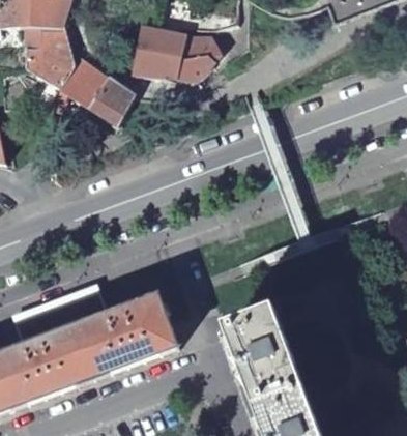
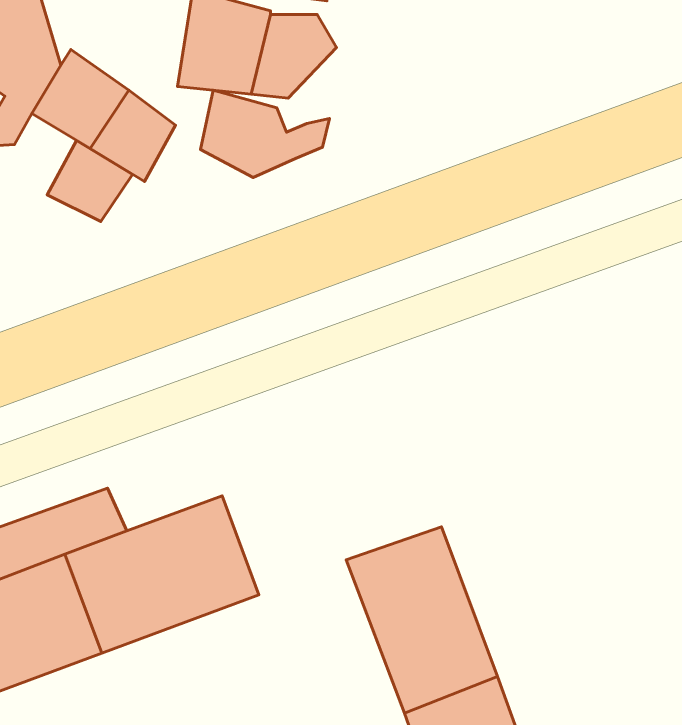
building: none -> [201,90,329,177]
building: none -> [47,140,133,221]

